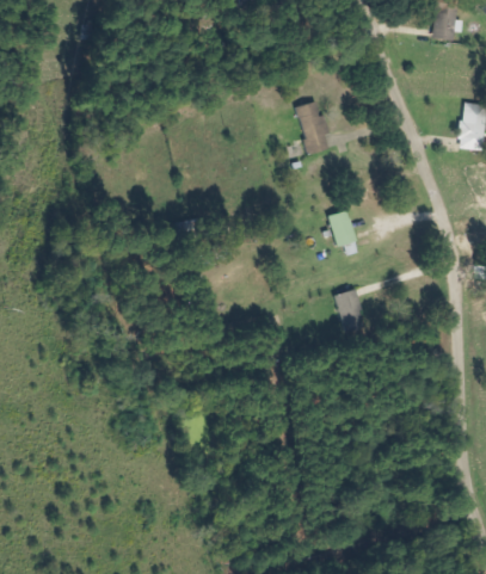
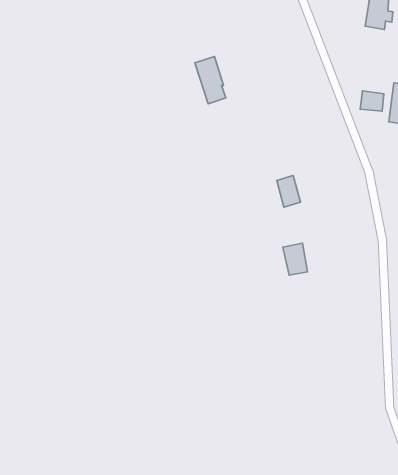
building: [294,100,330,155] -> [195,57,226,104]
building: none -> [360,91,384,111]

